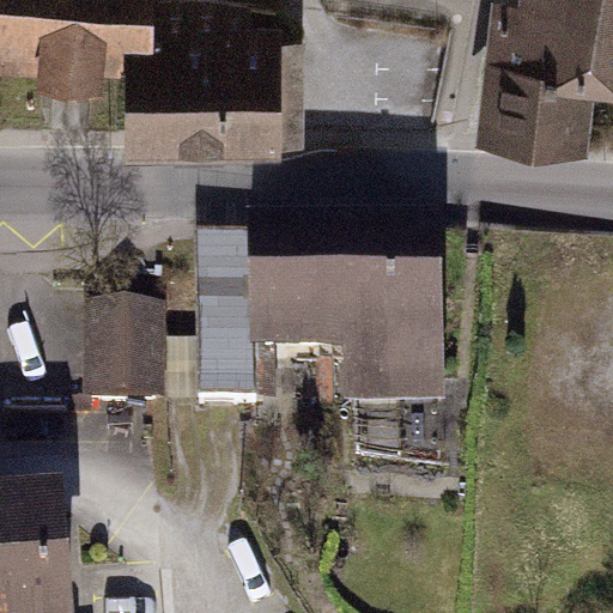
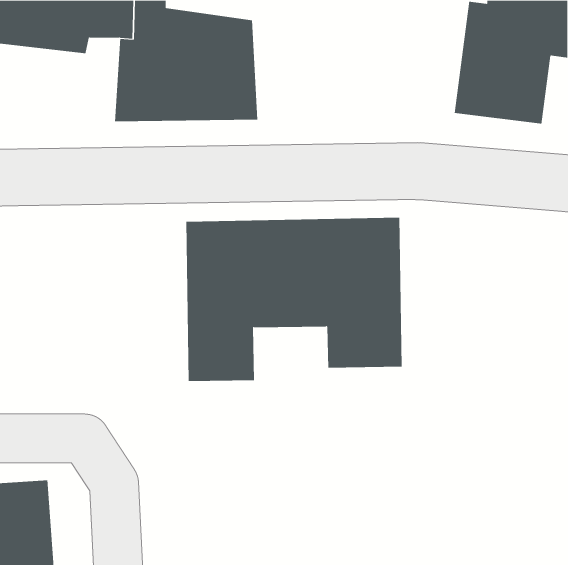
building: [92,315,177,411] -> none

